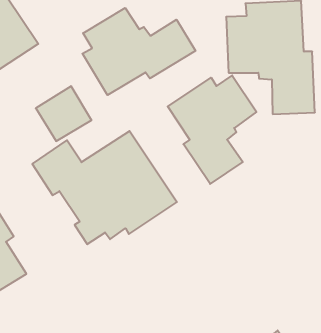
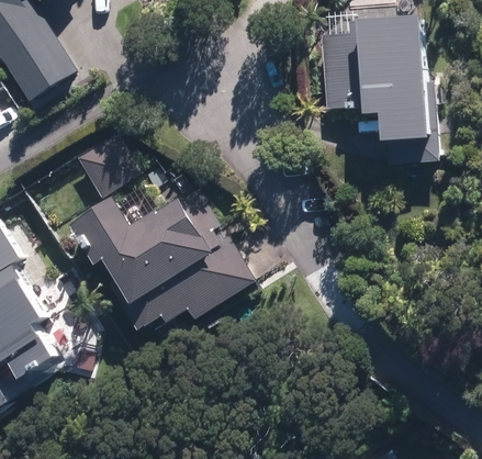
building: [82,8,195,95] -> none
building: [168,75,256,184] -> none

